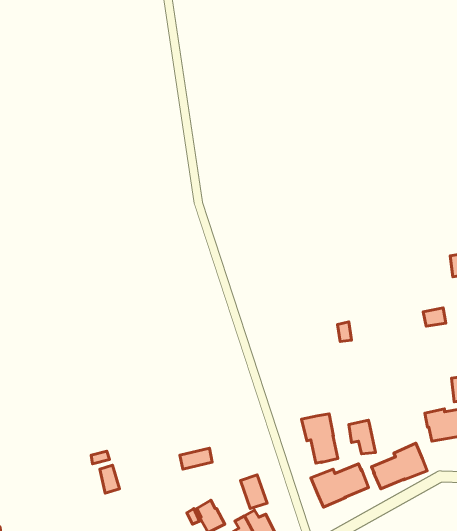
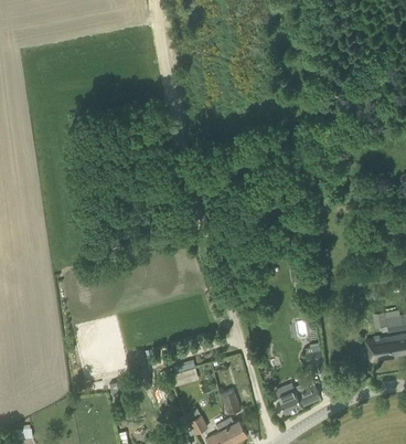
building: [302,414,338,463] -> none
building: [372,443,427,489] -> none

